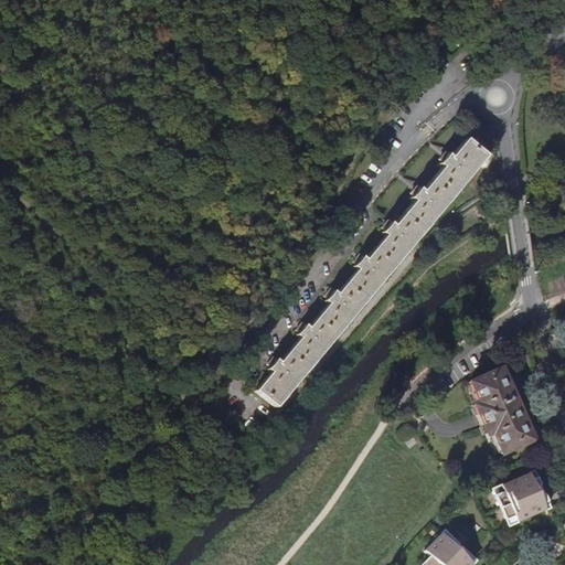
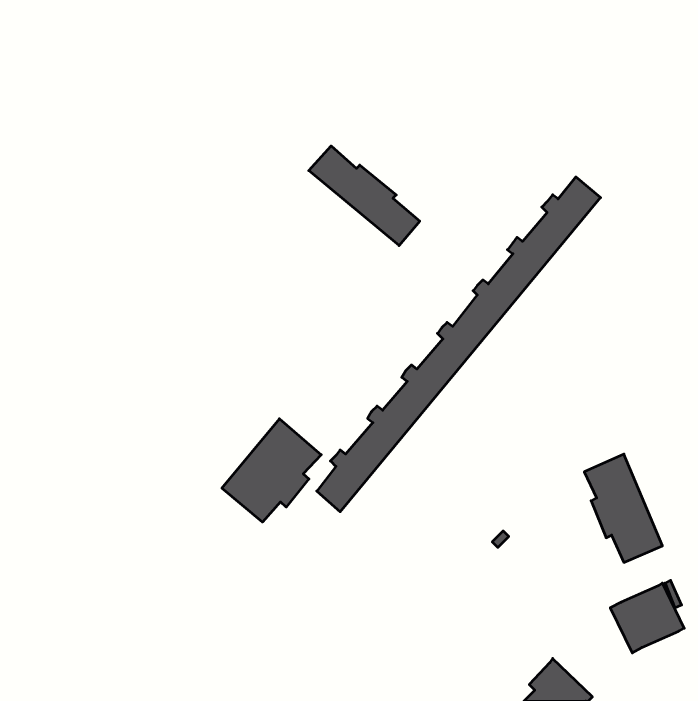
building: none -> [309,146,420,246]
building: none -> [222,419,321,522]

